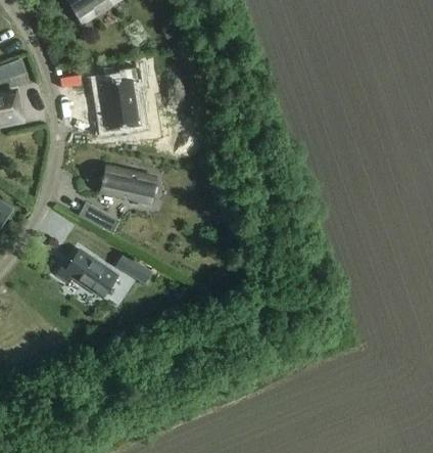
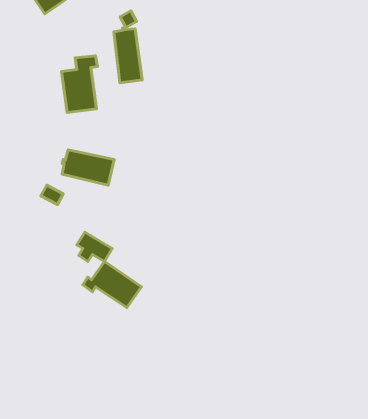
building: none -> [114,27,142,83]
building: [58,250,119,298] -> [83,261,142,307]

